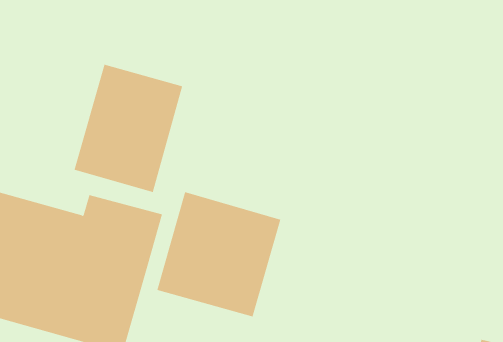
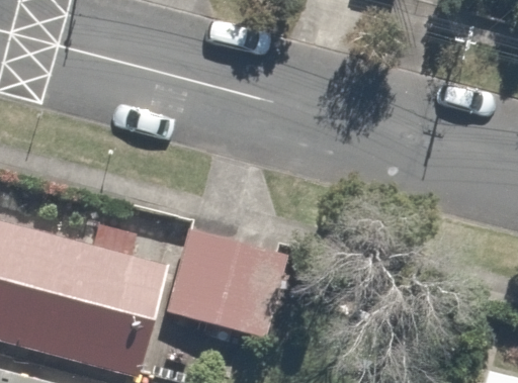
building: [74,64,183,193] -> none

